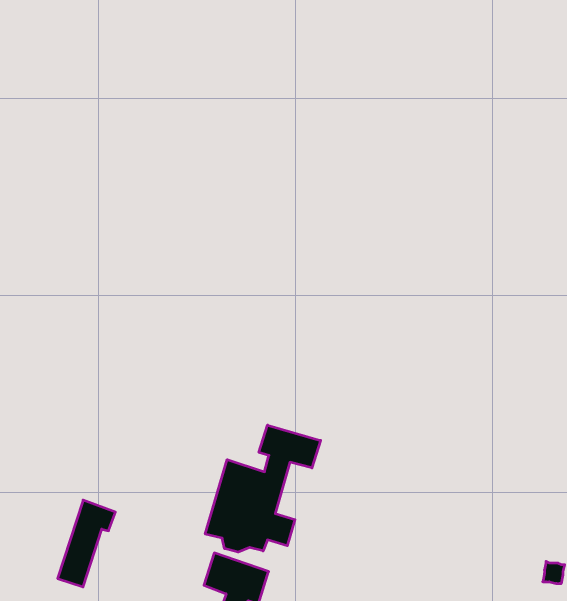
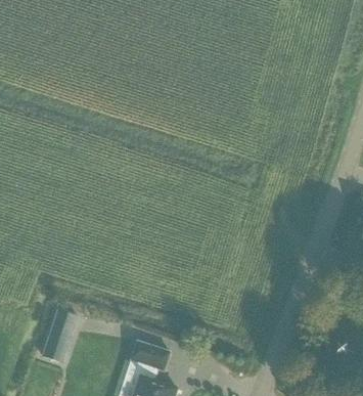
building: [205,425,321,552] -> none

